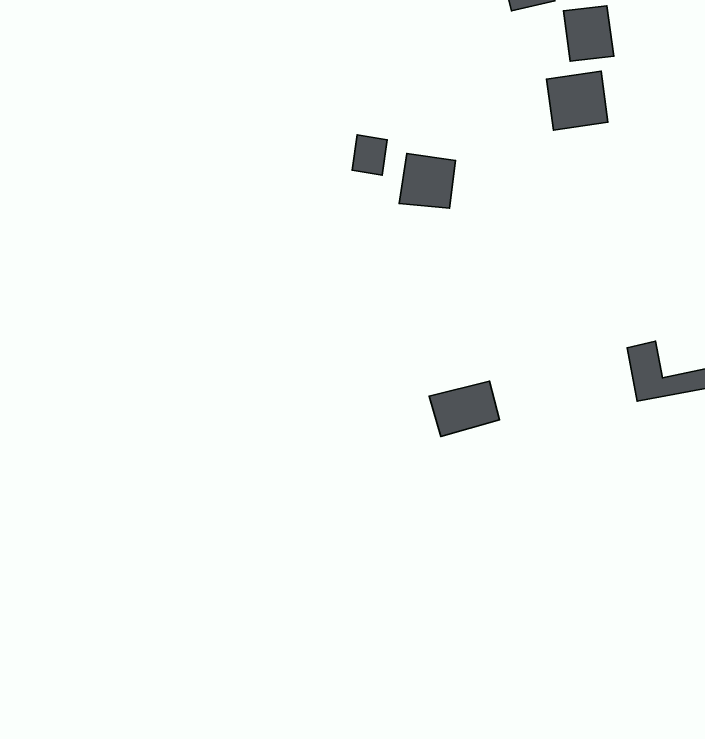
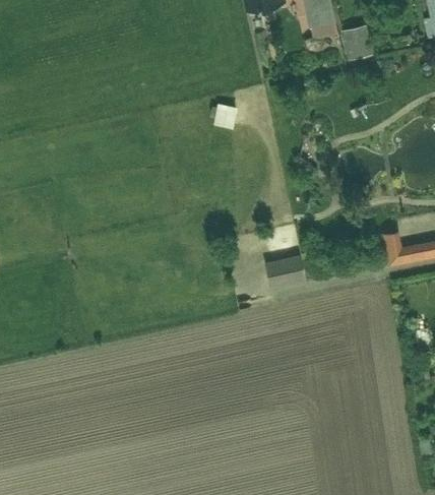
building: [547,71,608,130] -> none
building: [399,153,456,208] -> none

